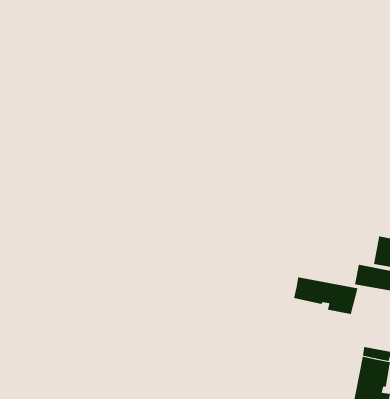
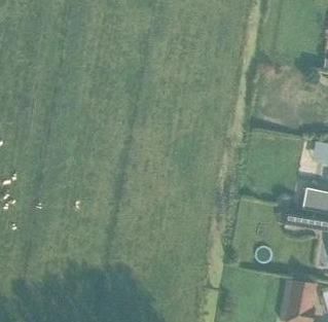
building: [294,276,358,315] -> none

